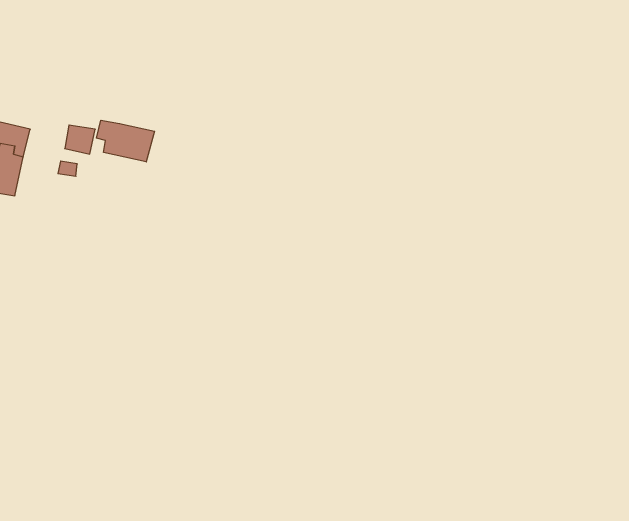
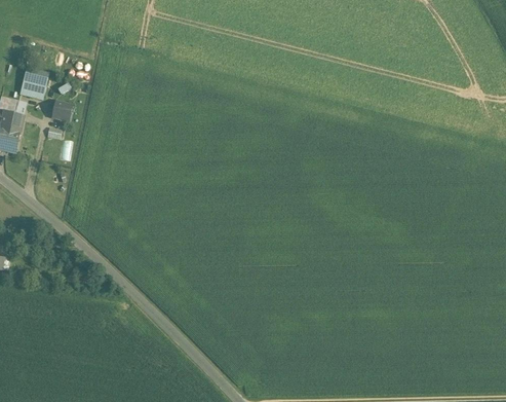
building: none -> [18,69,44,100]
building: [96,120,155,162] -> none

